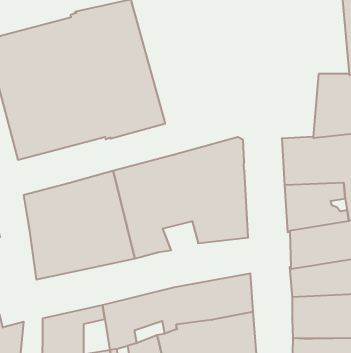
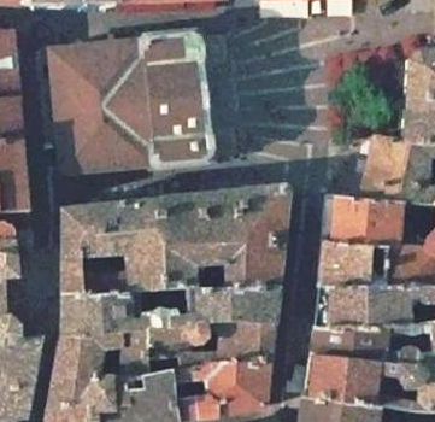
building: none -> [59,285,276,334]

